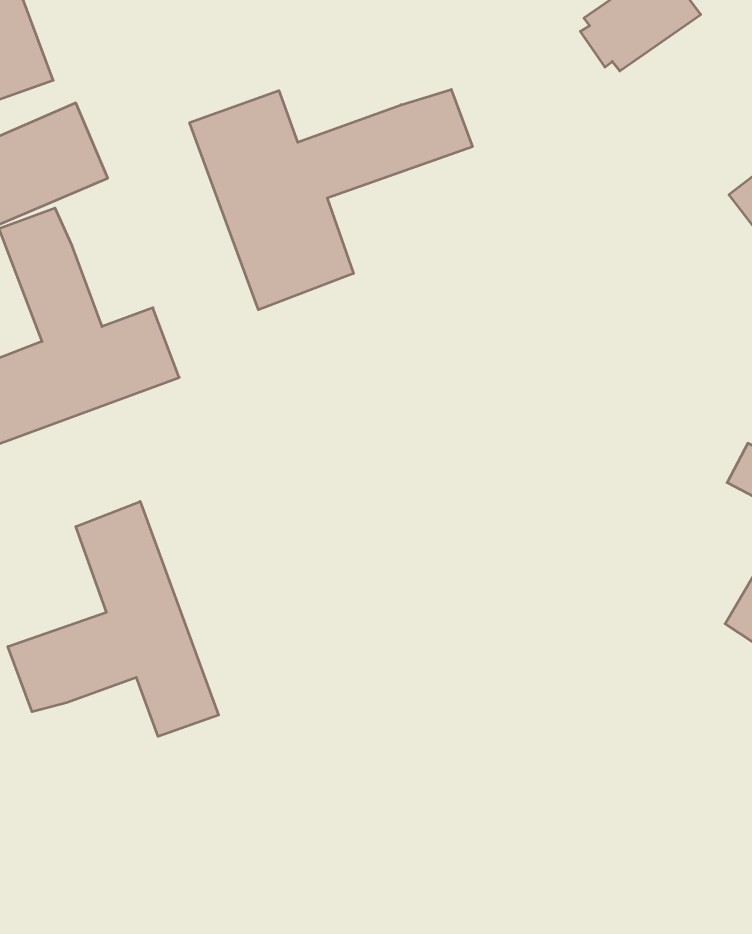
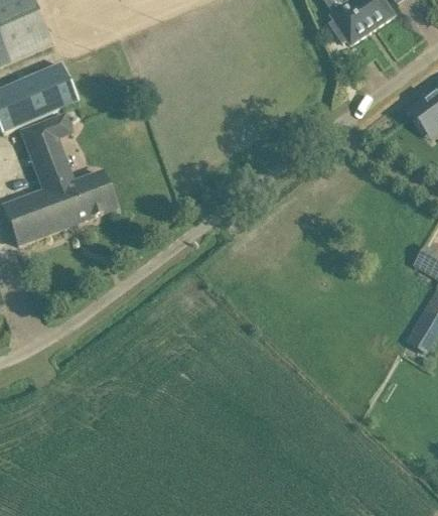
building: [190,89,472,310] -> none
building: [8,501,219,736] -> none

